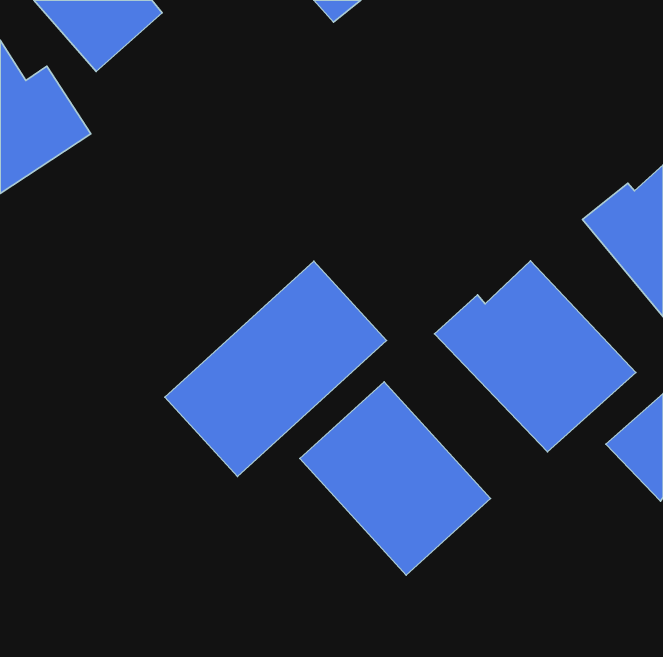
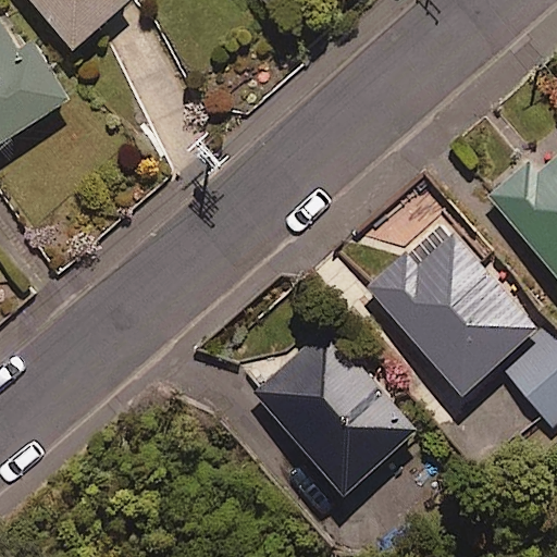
building: [165,261,386,476] -> none

